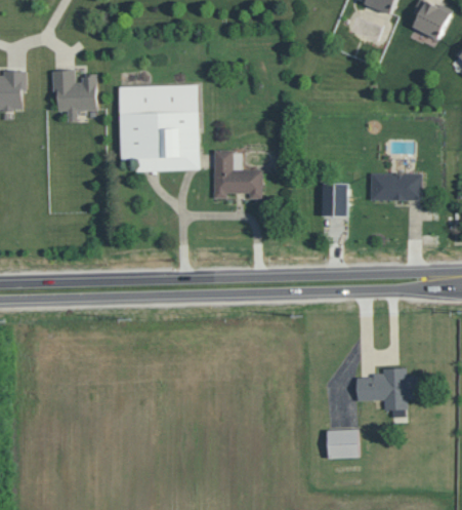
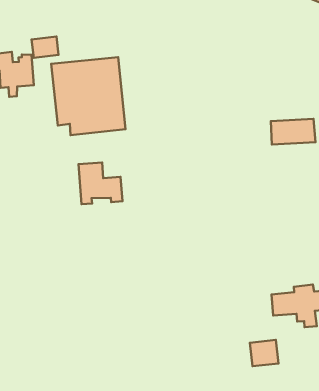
building: none -> [32,37,59,58]
building: [214,151,262,198] -> [79,162,122,204]
building: [322,183,347,215] -> none

